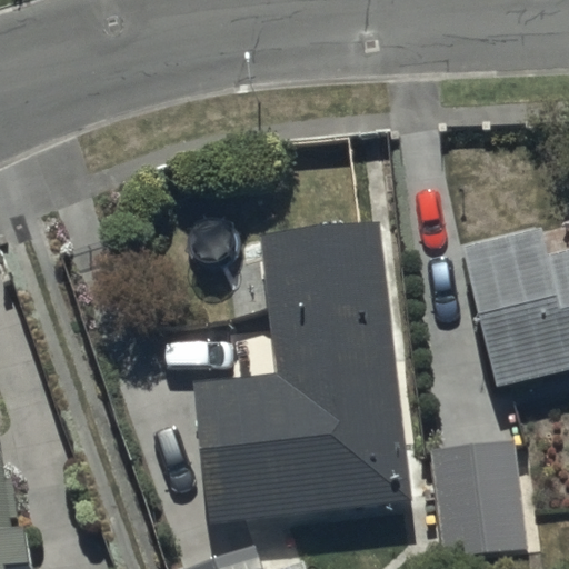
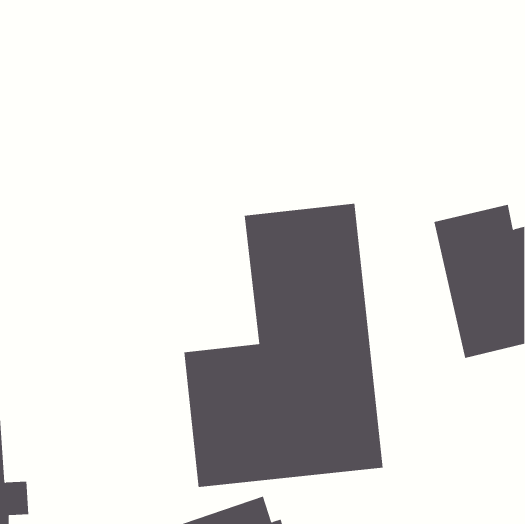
building: [432,440,526,562] -> none

